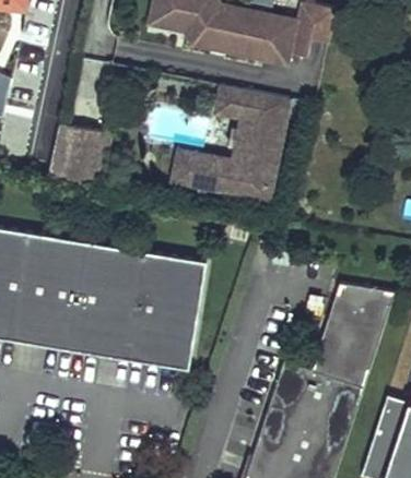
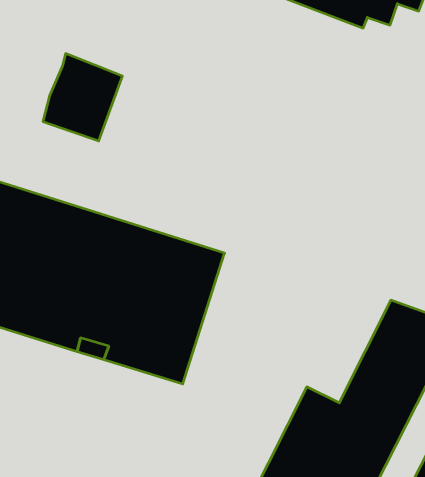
building: [167,91,290,206] -> none

